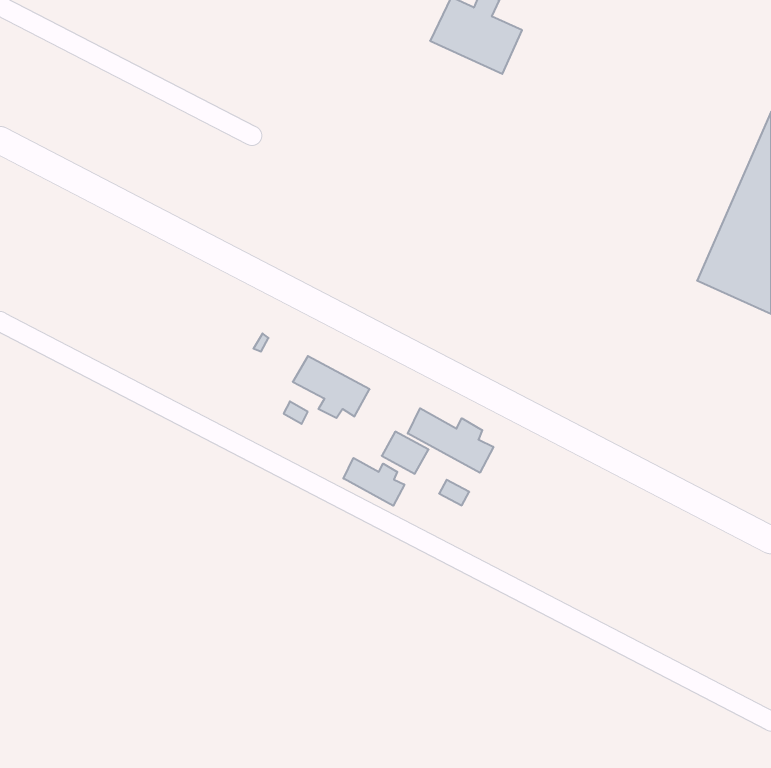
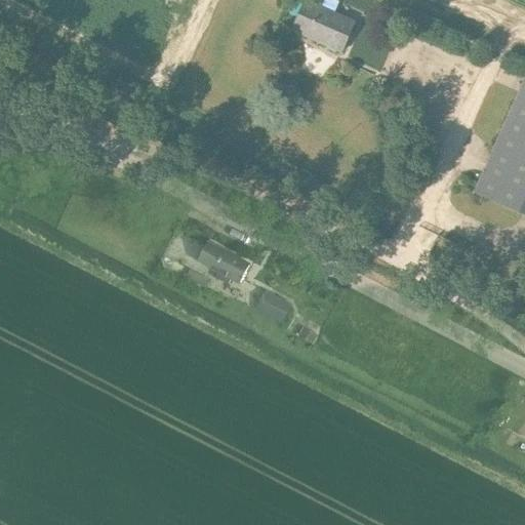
building: [408,408,493,473] -> none
building: [343,458,404,506] -> none

